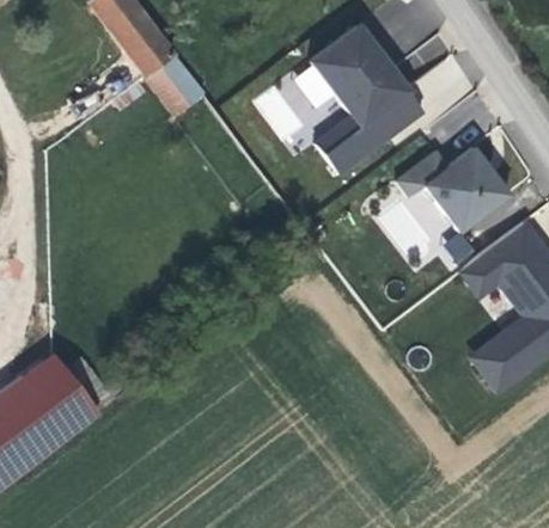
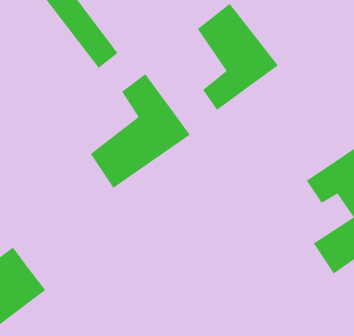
building: none -> [90,73,191,189]
building: [395,141,511,232] -> none

